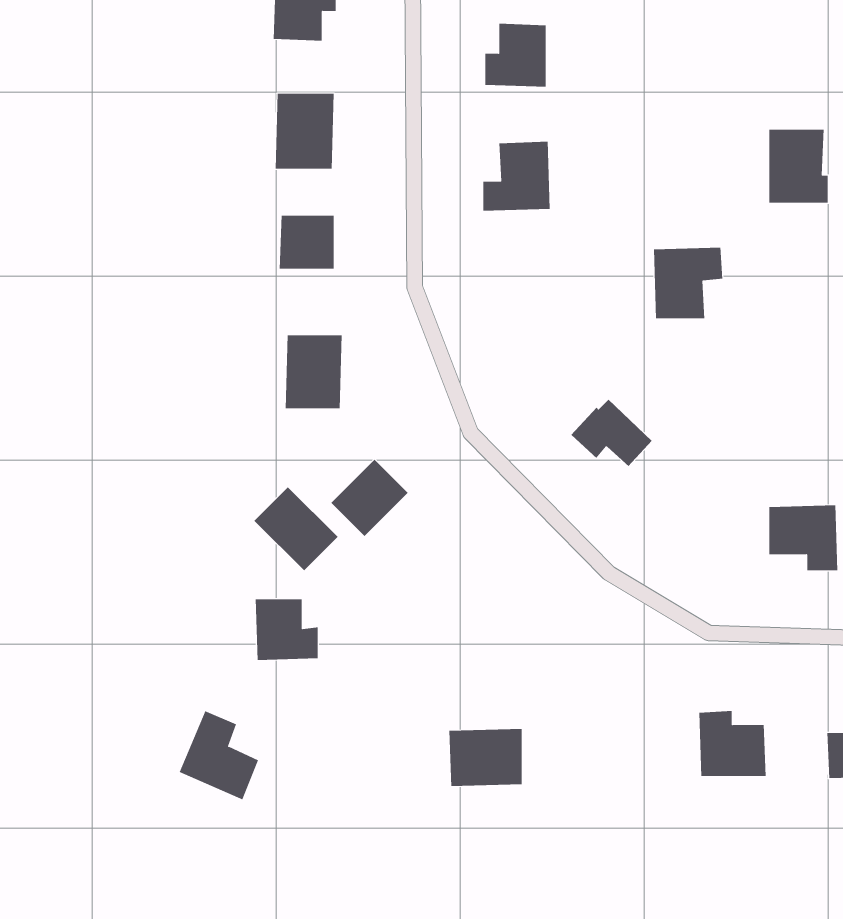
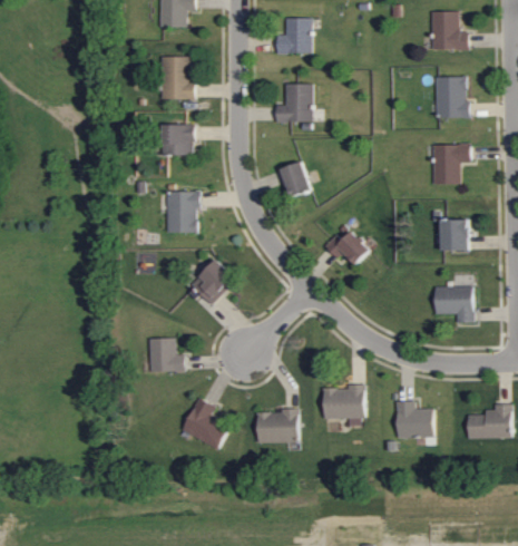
building: none -> [431,11,468,50]
building: [653,247,723,319] -> [431,144,470,184]
building: none -> [281,162,311,197]
building: none -> [440,220,469,252]
building: [254,486,338,571] -> none
building: none -> [323,384,364,426]
building: [179,710,259,800] -> [182,398,226,448]

